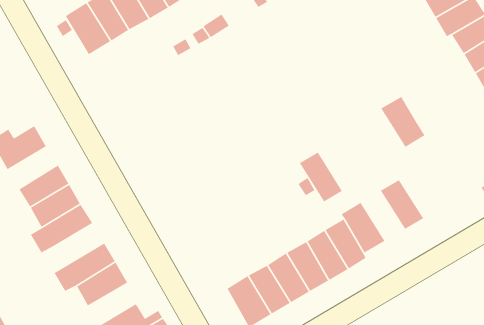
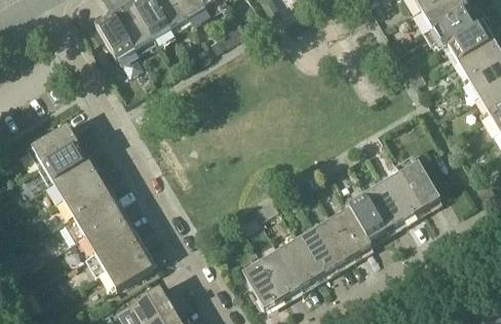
building: [380,96,425,148] -> [401,164,442,211]
building: none -> [45,145,91,184]
building: [299,152,343,202] -> [367,185,407,231]
building: none -> [87,215,133,254]

